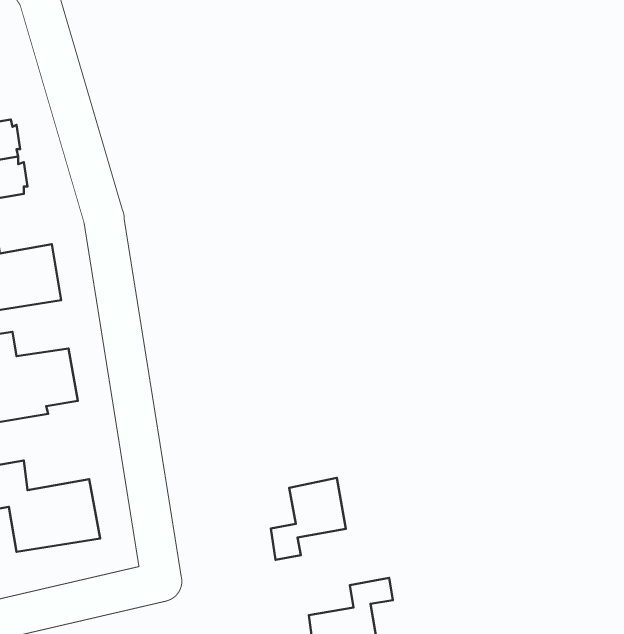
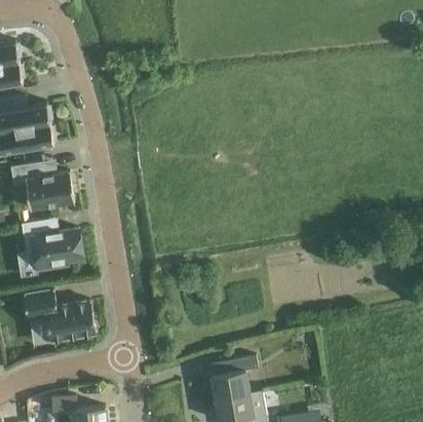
building: [271,478,346,560] -> none

